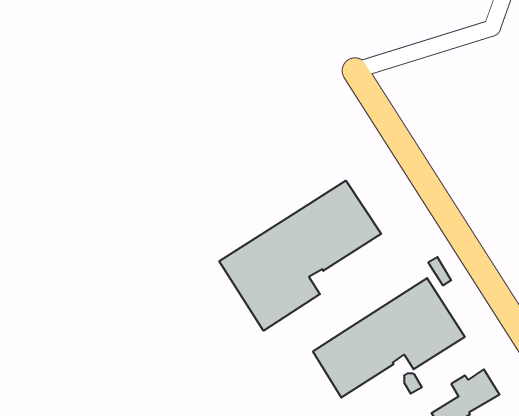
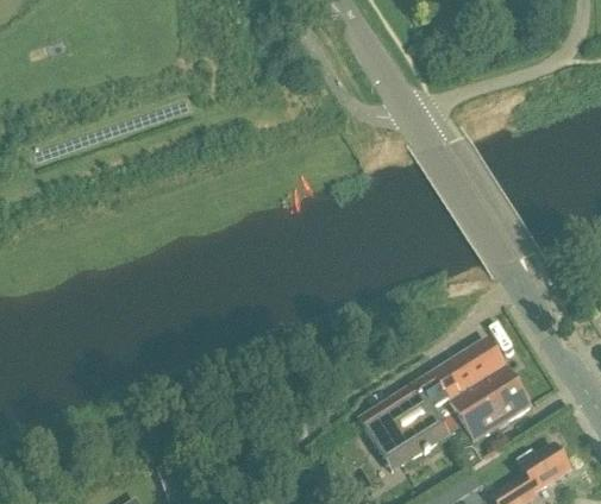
building: [219,181,381,331] -> none

